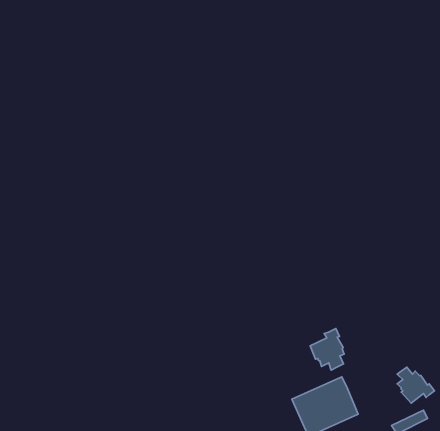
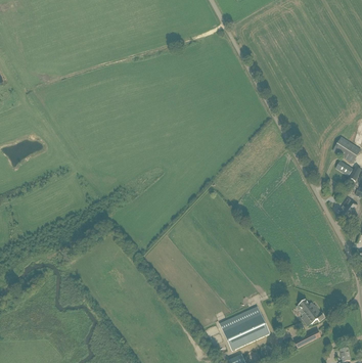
building: [310,328,344,370] -> none

